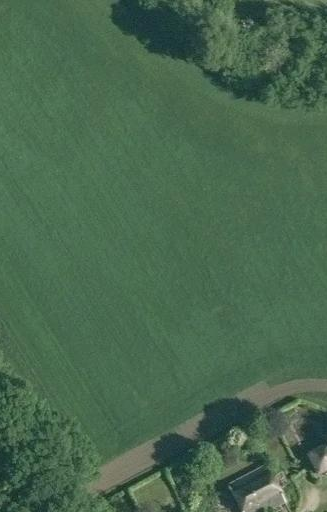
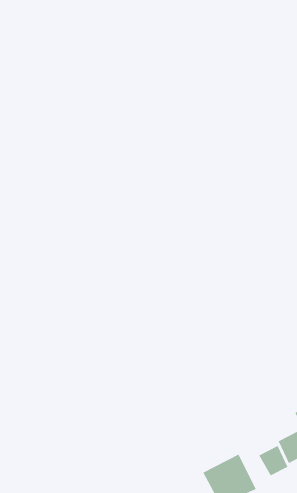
building: none -> [259,445,288,476]

